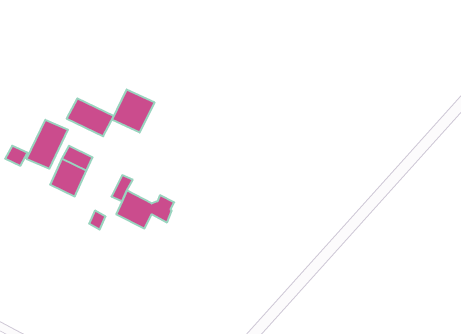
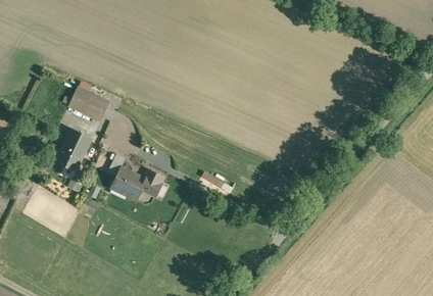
building: [112,89,154,133] -> none
building: [27,120,68,169] -> none

